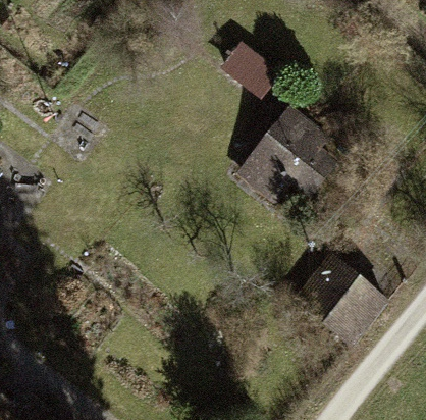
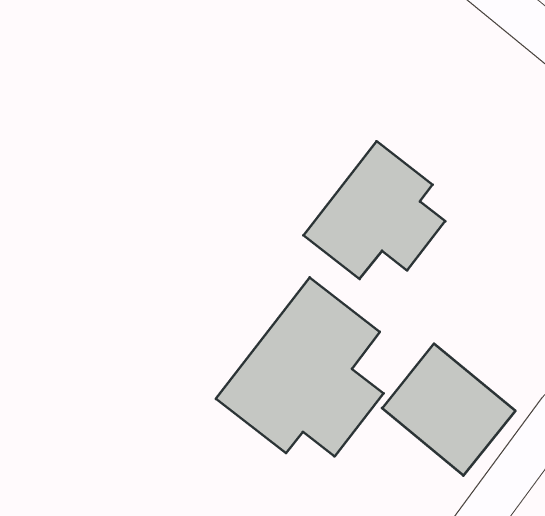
building: none -> [216,277,384,456]

